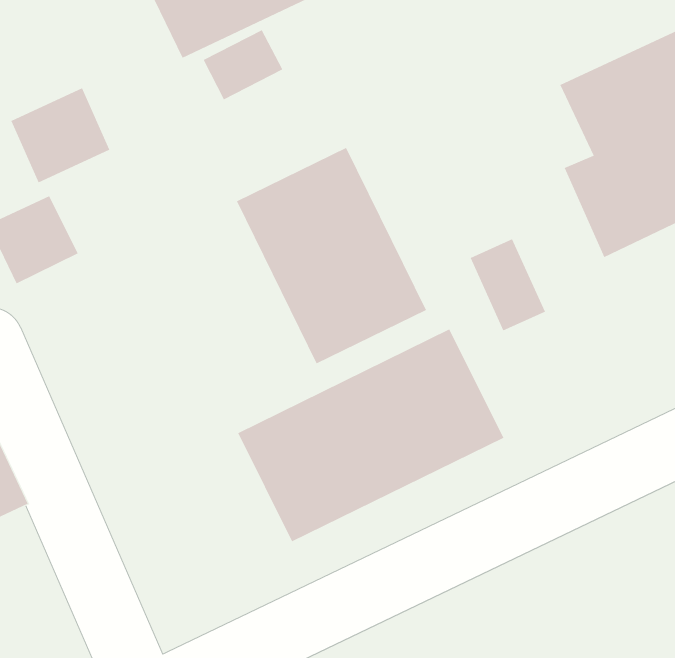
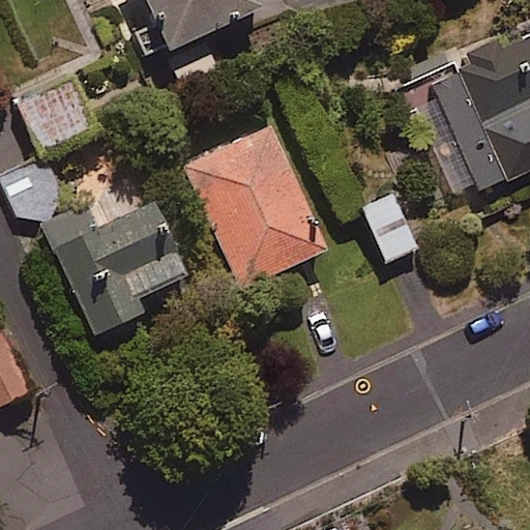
building: none -> [43,198,184,331]
building: [238,328,504,542] -> none

